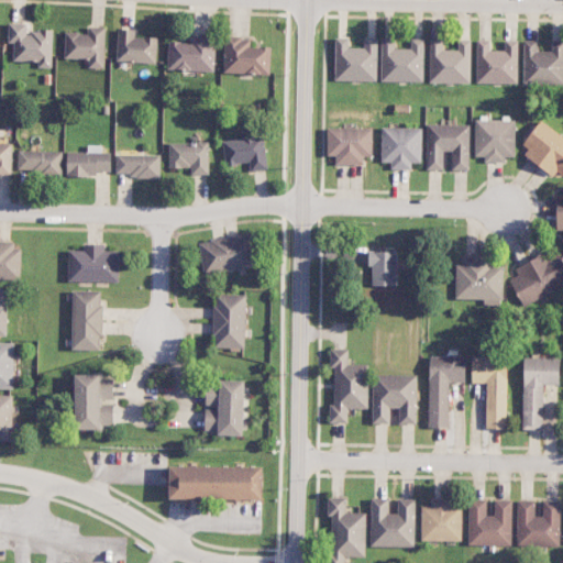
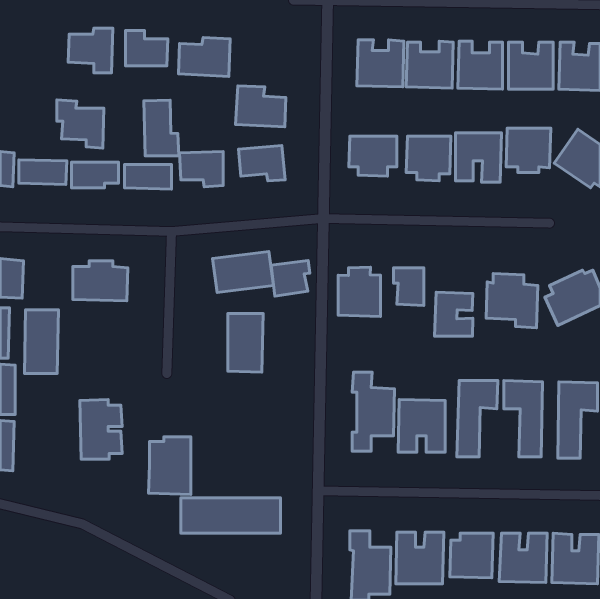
building: [9,24,53,69] -> [57,100,104,148]
building: [223,37,271,76] -> [235,86,286,127]
building: none -> [144,100,179,156]
building: none -> [271,261,310,296]
building: none -> [338,267,381,317]
building: none -> [435,292,473,336]
building: [71,291,103,351] -> [24,310,58,373]
building: [205,382,244,435] -> [148,437,191,494]

